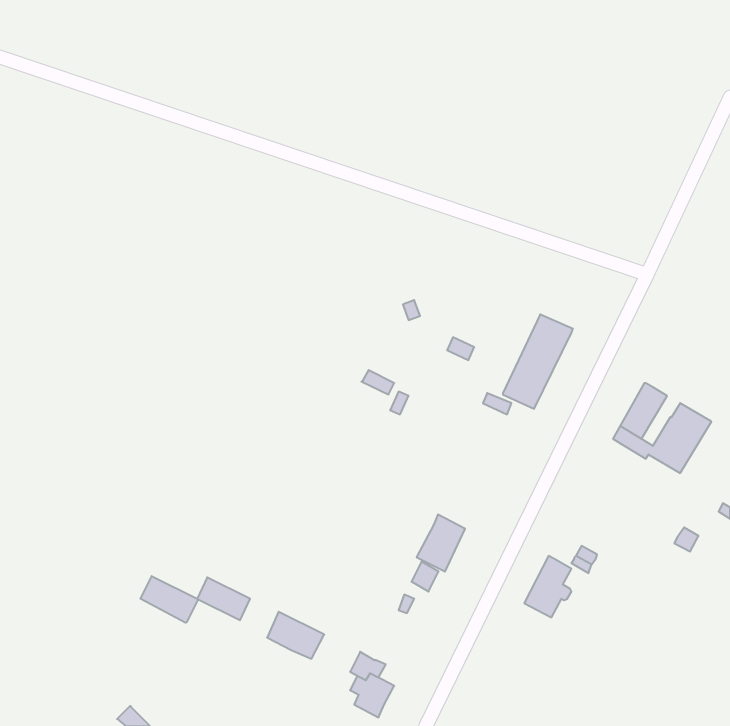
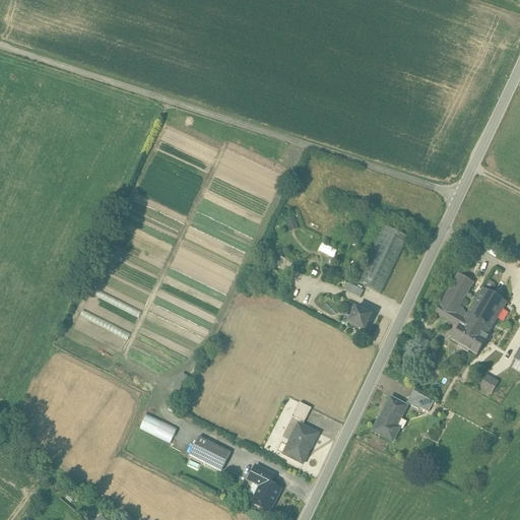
building: none -> [341,305,373,328]
building: none -> [452,324,485,352]
building: [417,514,465,572] -> [283,421,318,462]
building: [140,576,198,623] -> none

